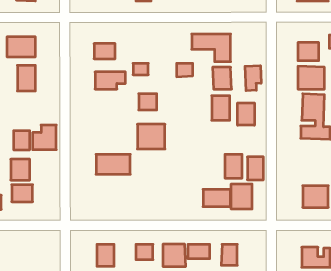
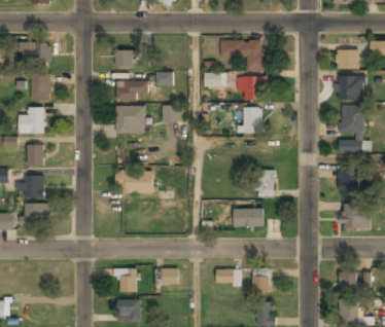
building: [245,66,261,91] -> none
building: [238,103,254,125] -> none
building: [137,124,165,149] -> [115,107,145,134]
building: [33,125,56,150] -> [19,107,44,134]
building: [247,157,263,180] -> [341,171,358,195]
building: [231,184,252,209] -> none
building: [163,244,185,267] -> none

